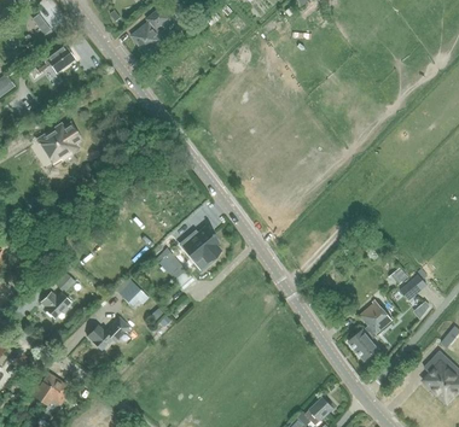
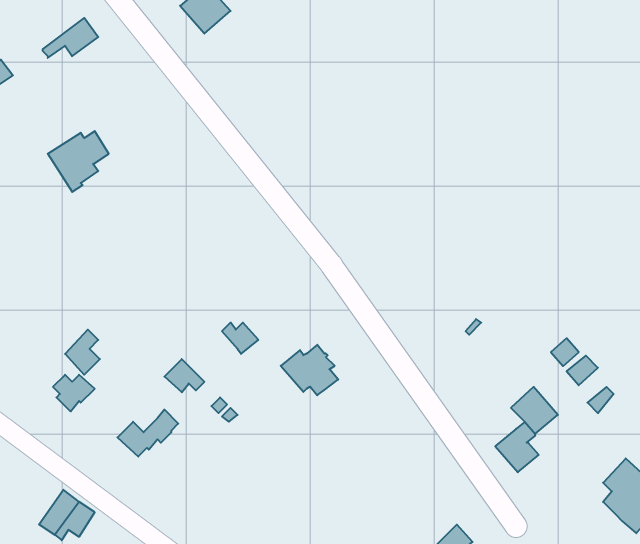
building: [180,227,220,262] -> [281,345,338,395]

